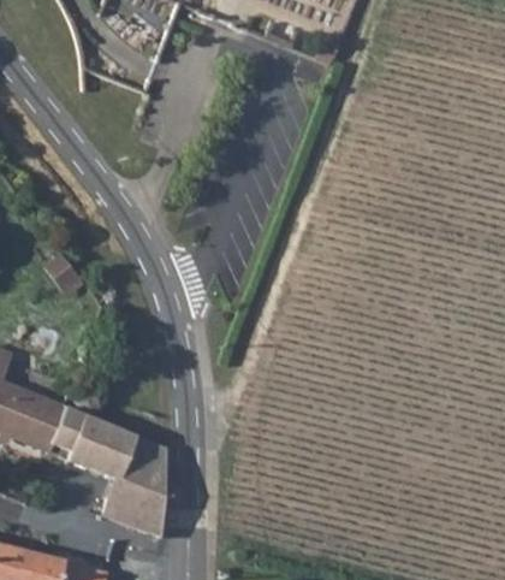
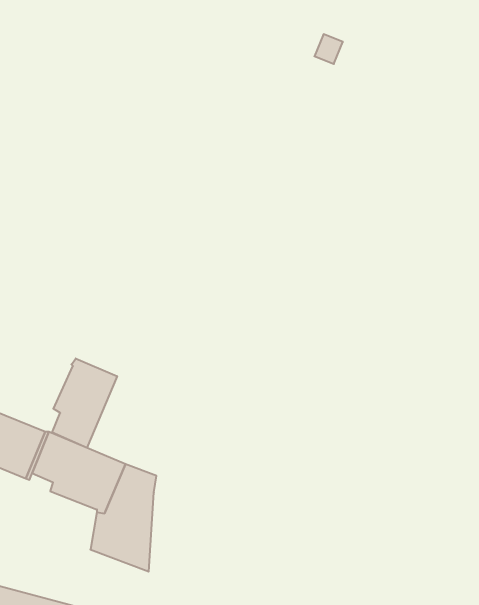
building: none -> [52,358,117,448]

